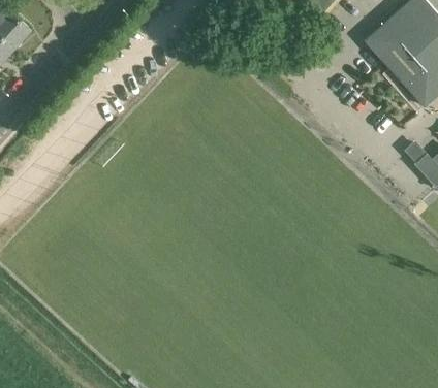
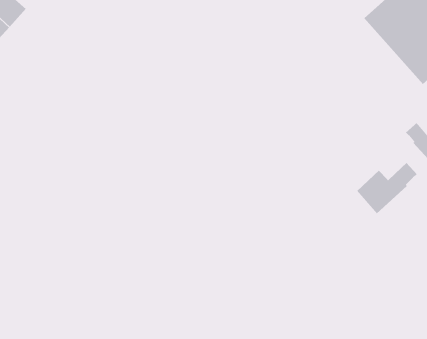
building: none -> [356,162,418,214]

